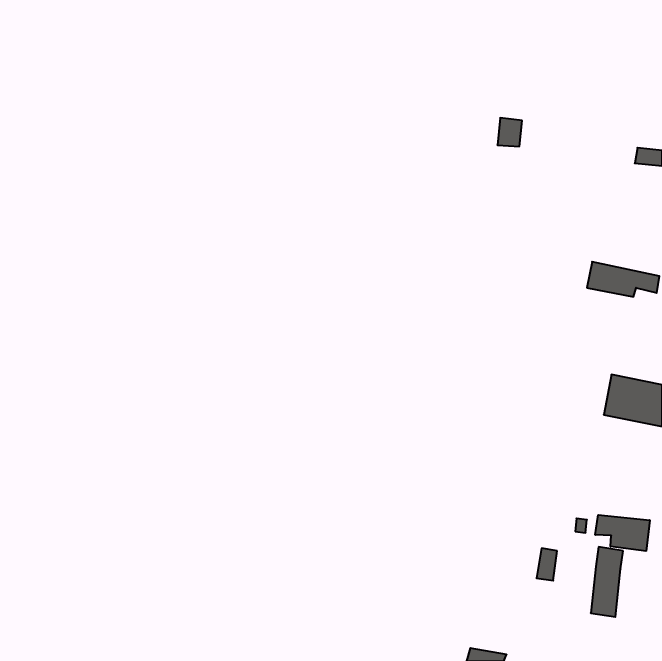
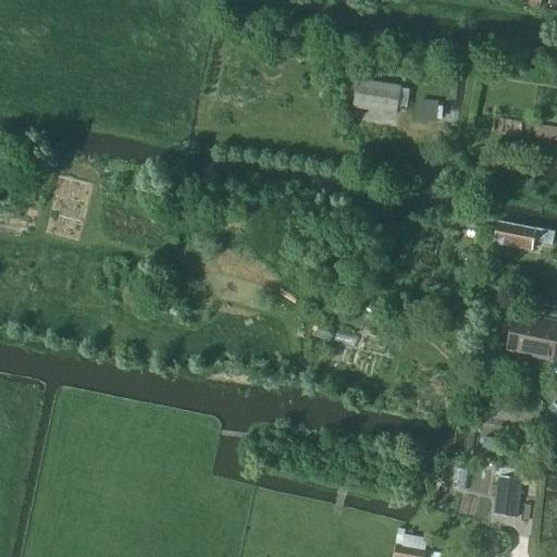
building: none -> [354,78,400,114]
building: [595,515,650,551] -> none

